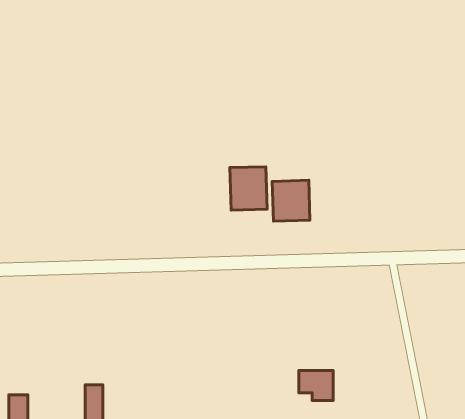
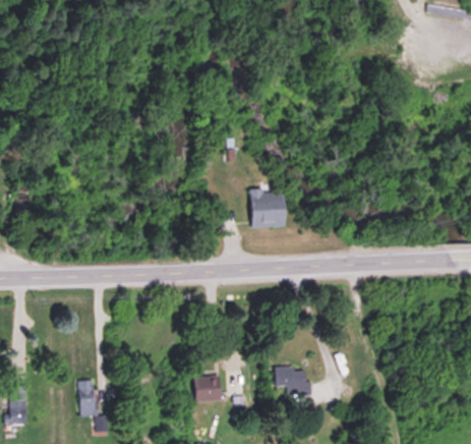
building: [230,167,267,210] -> none
building: none -> [195,377,221,401]

